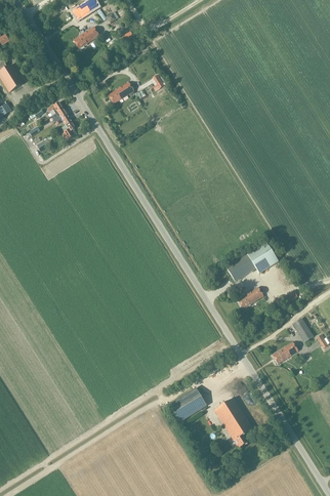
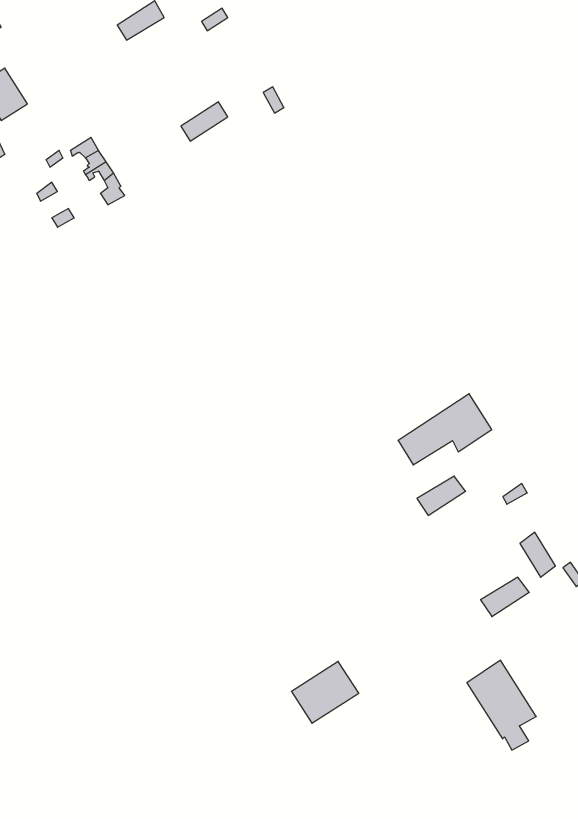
building: [214,398,252,447] -> [467,660,536,750]

